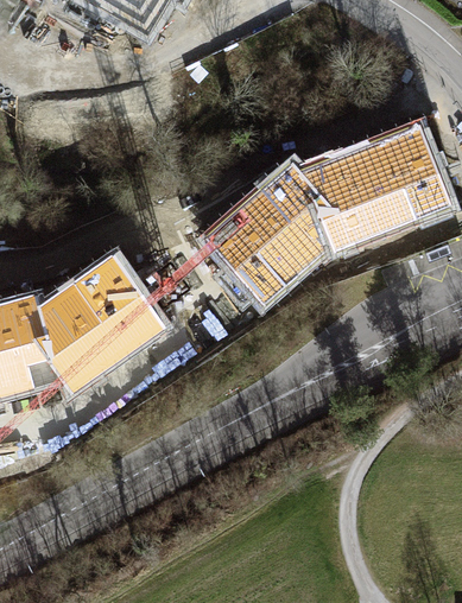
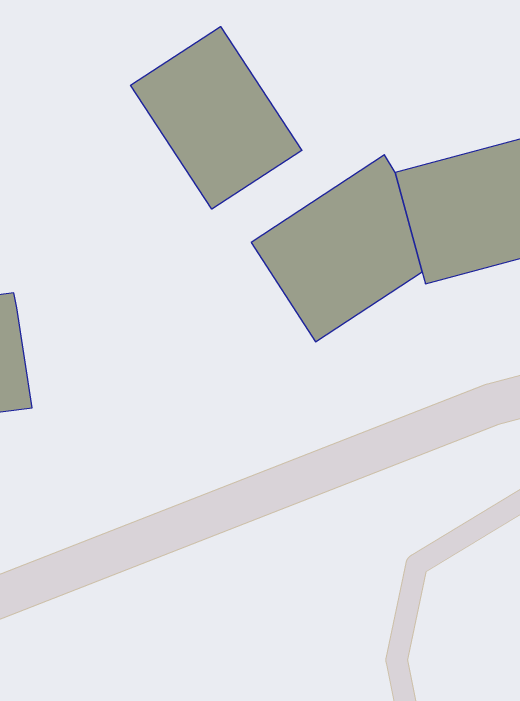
building: none -> [131,27,302,209]
building: [40,250,169,391] -> none

